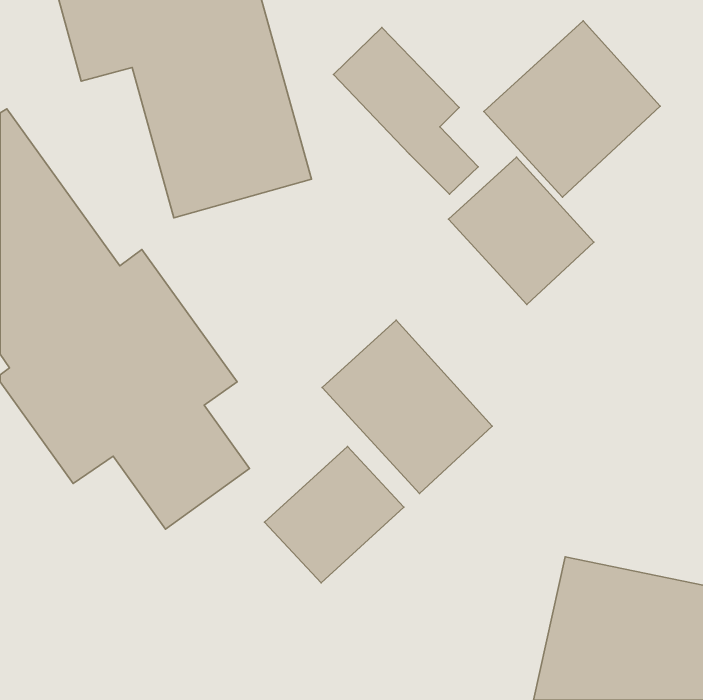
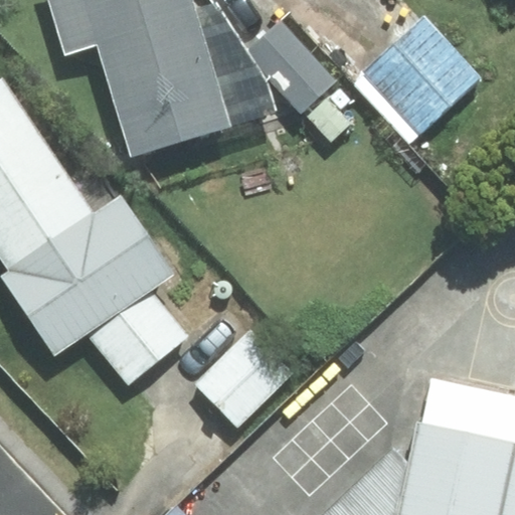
building: [449,157,594,305] -> none
building: [322,320,492,494] -> none

